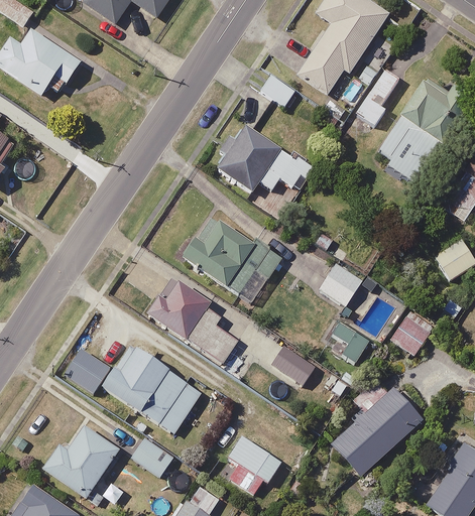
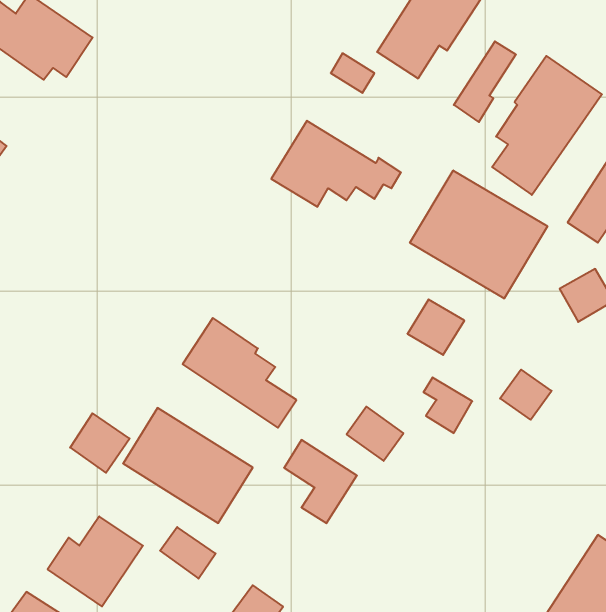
building: none -> [410,170,547,299]
building: [184,218,280,303] -> none
building: [331,382,429,476] -> none
building: [227,433,282,497] -> [284,440,357,523]

